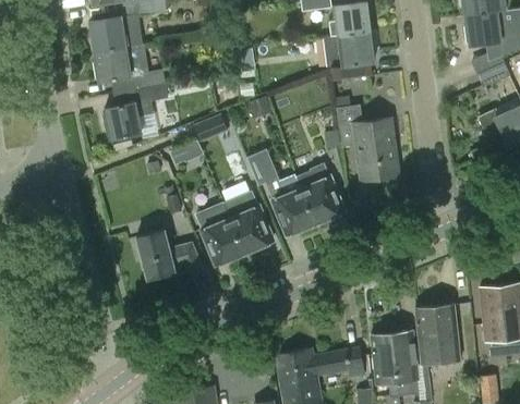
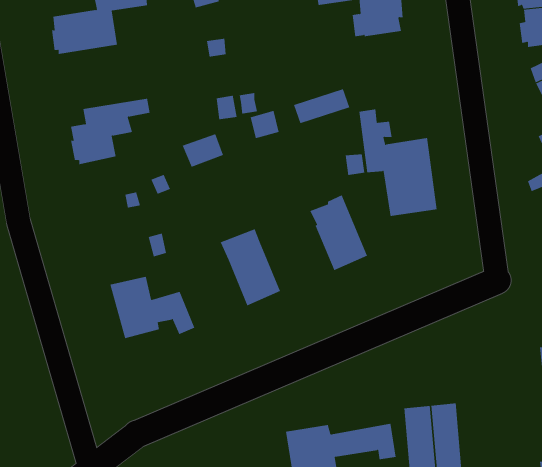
building: [326,33,375,81] -> none
building: [93,44,166,95] -> none
building: [246,149,315,235] -> none
building: [202,216,245,264] -> none
building: [415,303,460,364] -> none

